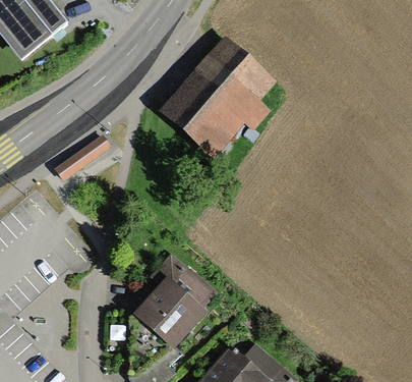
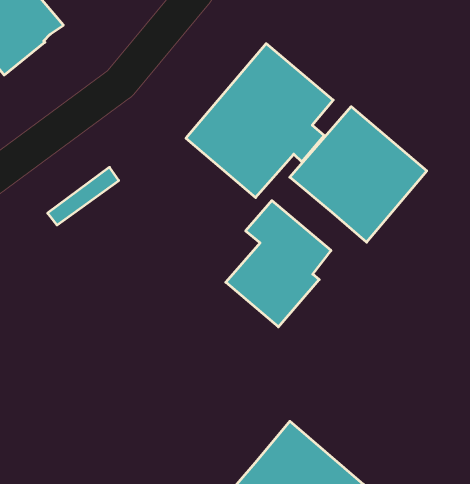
building: none -> [290,107,427,242]
building: [133,252,215,349] -> [226,201,331,327]

